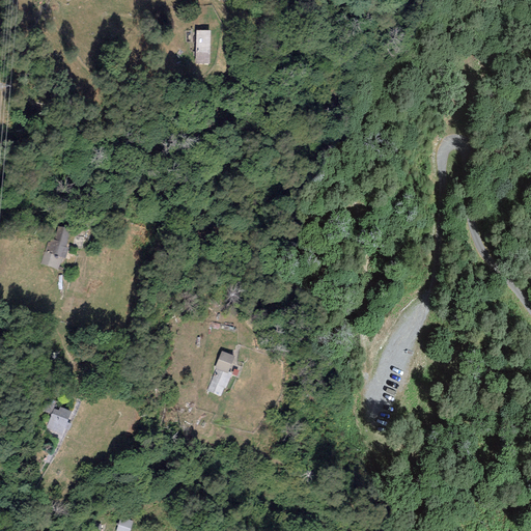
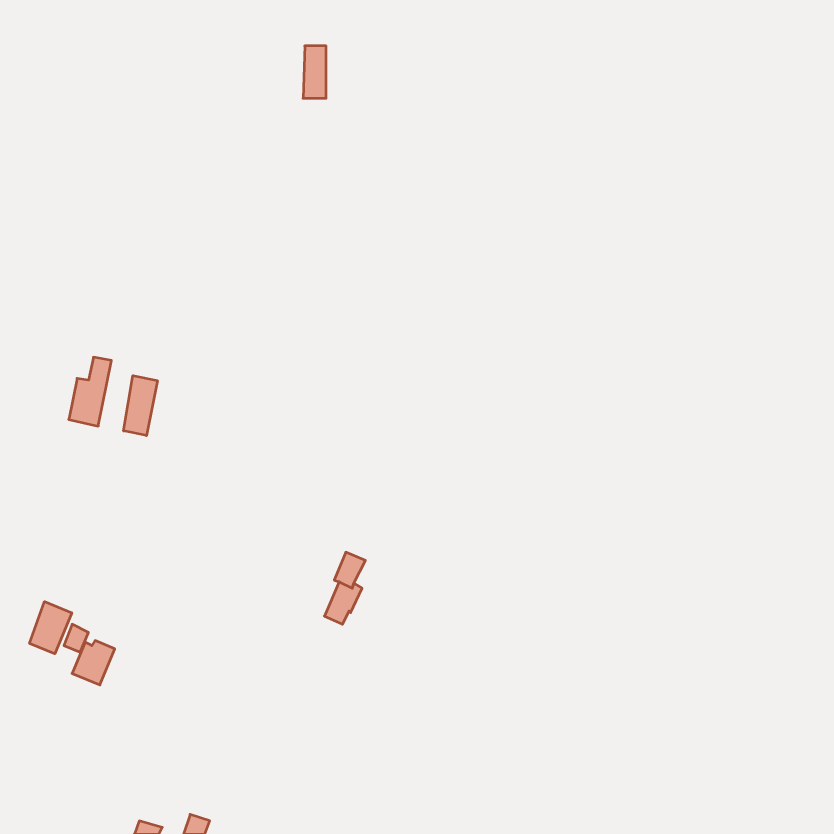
building: none -> [124,376,157,436]
building: none -> [30,602,72,654]

